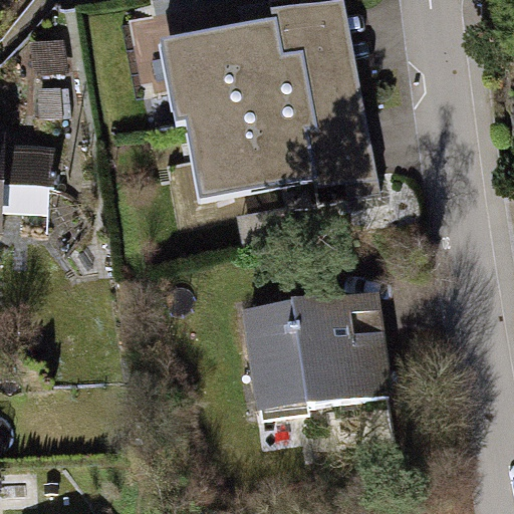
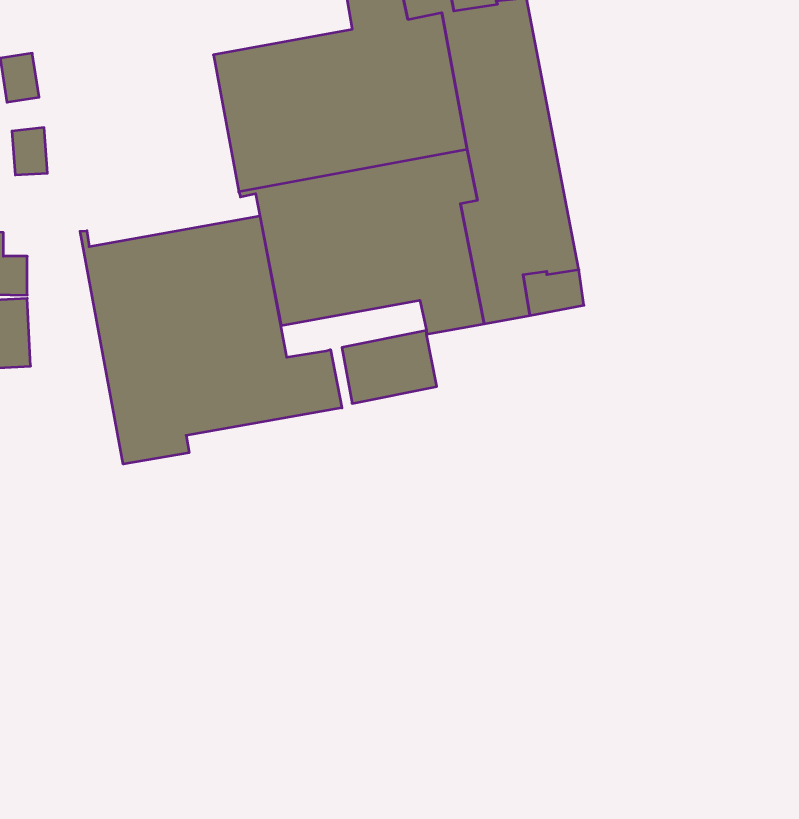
building: none -> [80,216,342,464]
building: [243,294,388,401] -> none

